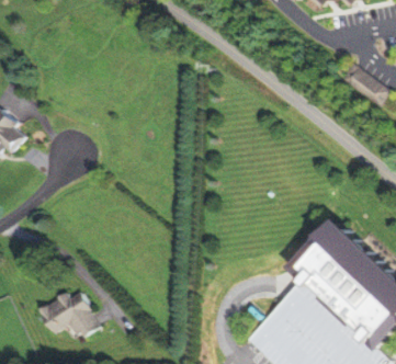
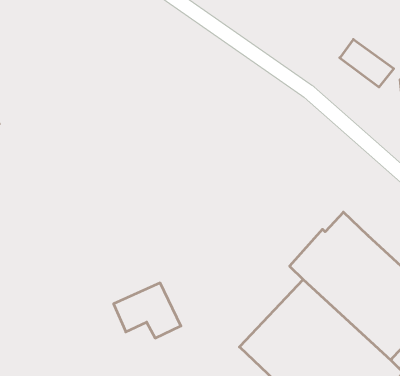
building: [45,288,105,338] -> [114,283,181,338]

